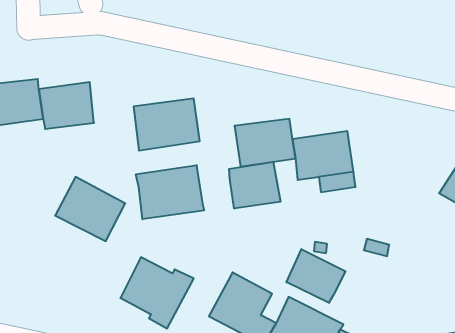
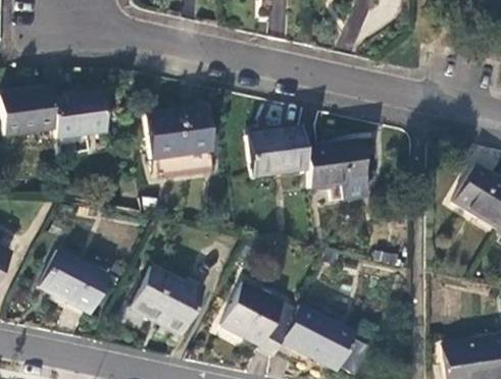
building: [229,162,280,209] -> none
building: [136,165,204,219] -> none
building: [55,177,125,241] -> [41,250,111,314]
building: [286,249,345,303] -> none

